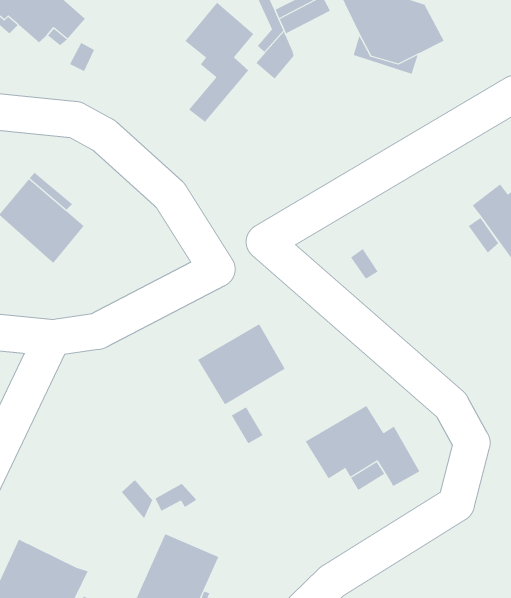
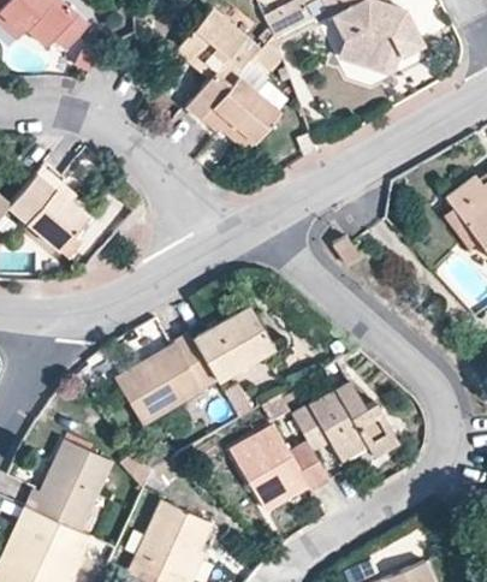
building: none -> [201,76,280,142]
building: none -> [117,334,218,426]
building: none -> [228,396,331,512]
building: none -> [26,439,113,533]

